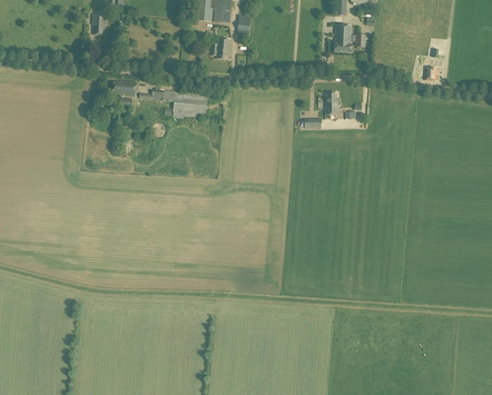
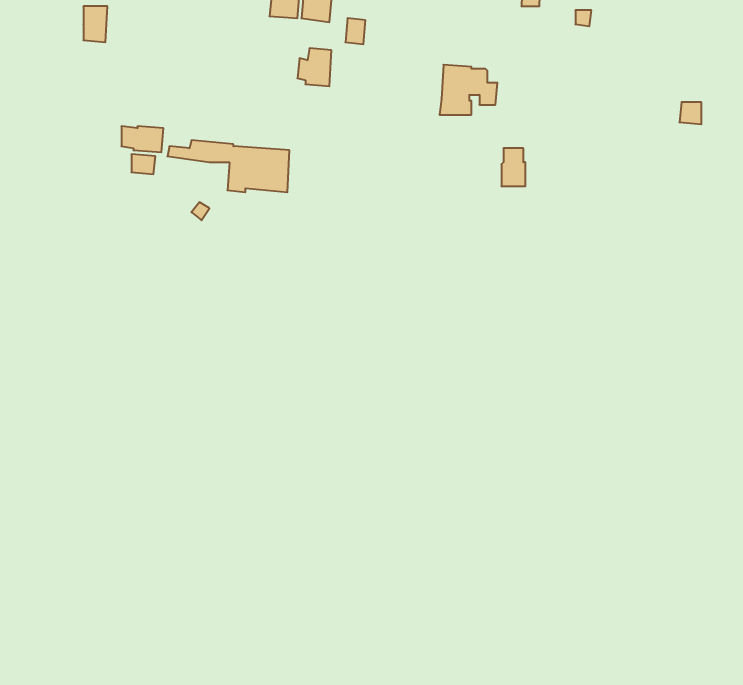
building: [334,24,366,52] -> [439,65,497,115]

